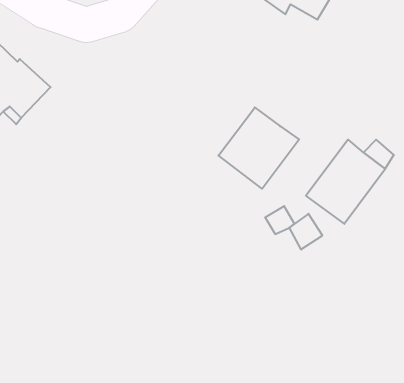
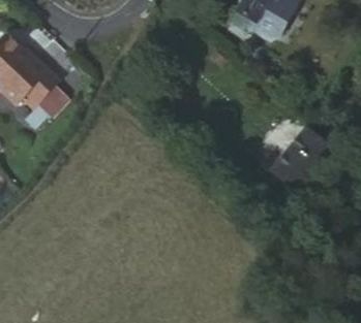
building: [218,107,299,189] -> none

